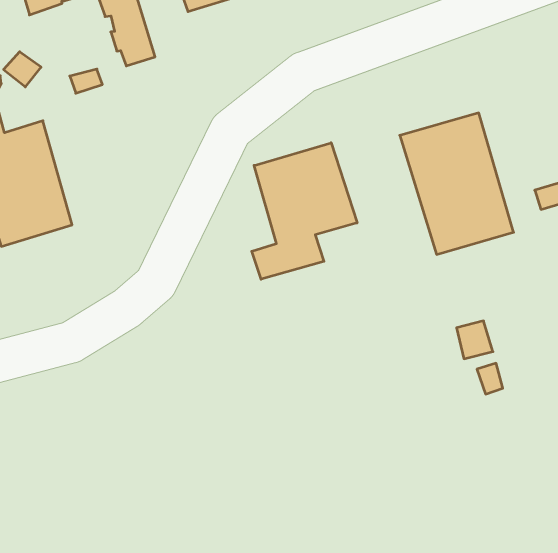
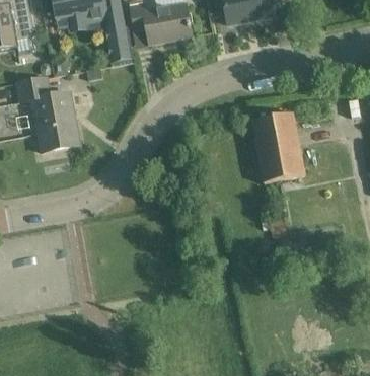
building: [252,143,357,279] -> none

